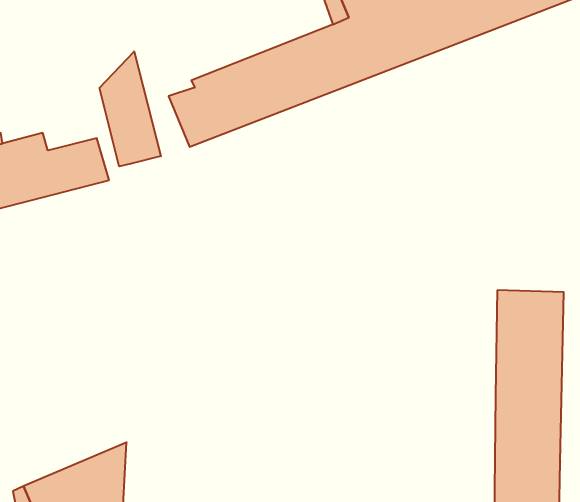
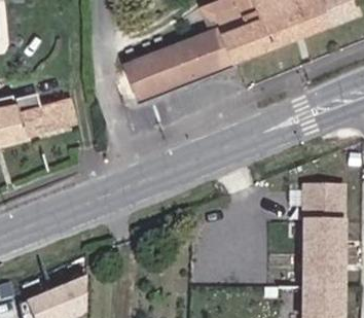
building: [99,51,161,166] -> none

